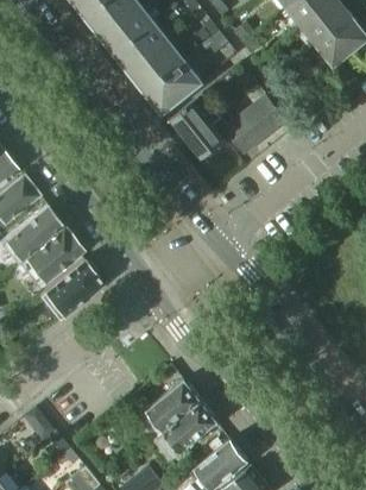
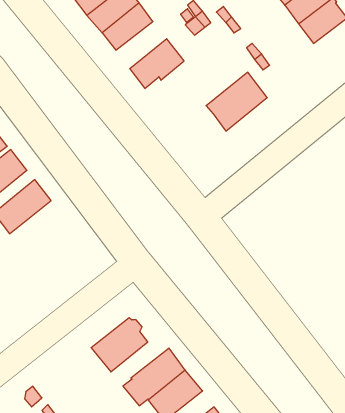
building: [130,43,182,92] -> none
building: [170,102,229,159] -> none
building: [18,227,81,282] -> none
building: [43,259,101,315] -> [91,318,148,372]

